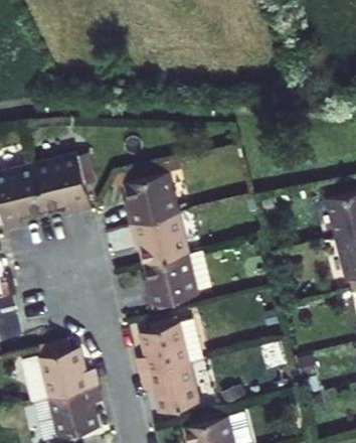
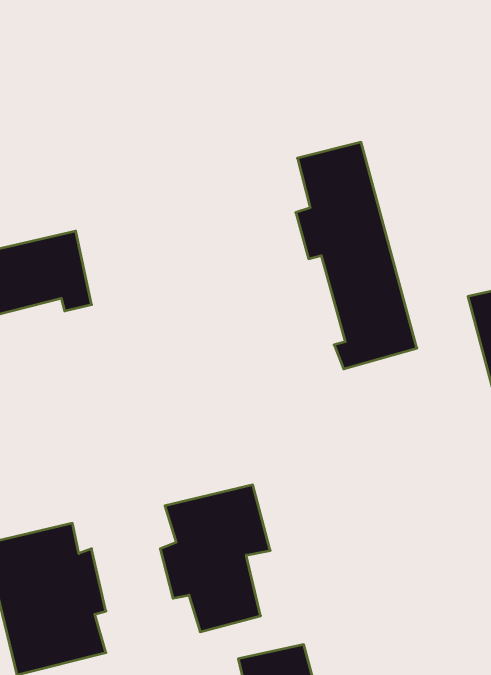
building: [125,165,201,308] -> [296,142,417,369]

